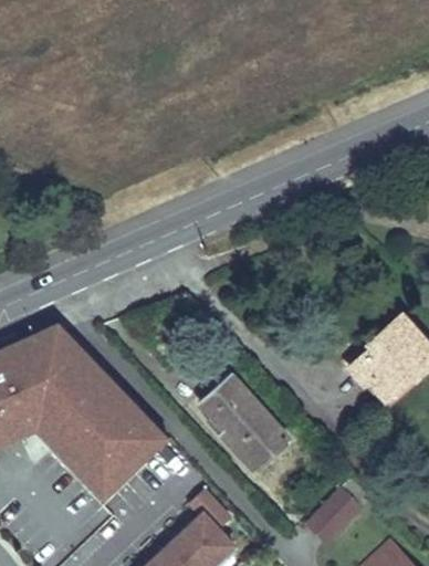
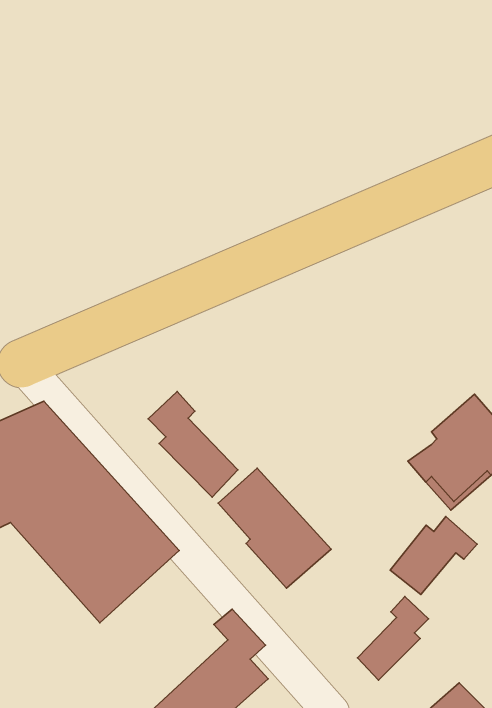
building: none -> [148,392,238,497]
building: none -> [390,517,477,595]

